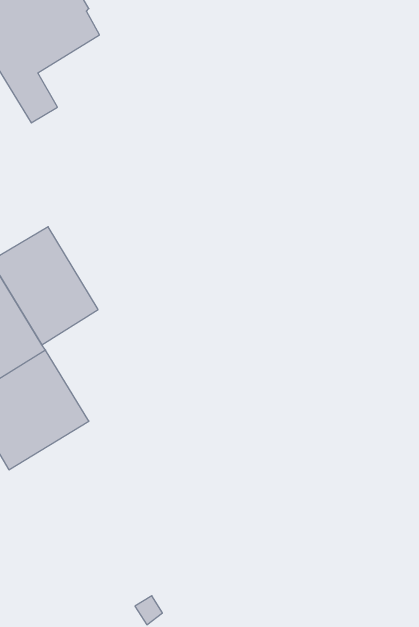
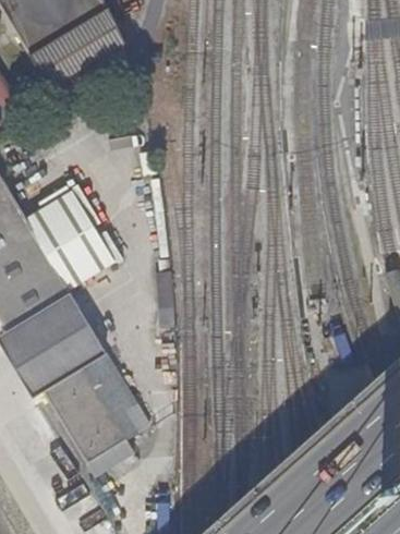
building: none -> [40,351,149,474]

